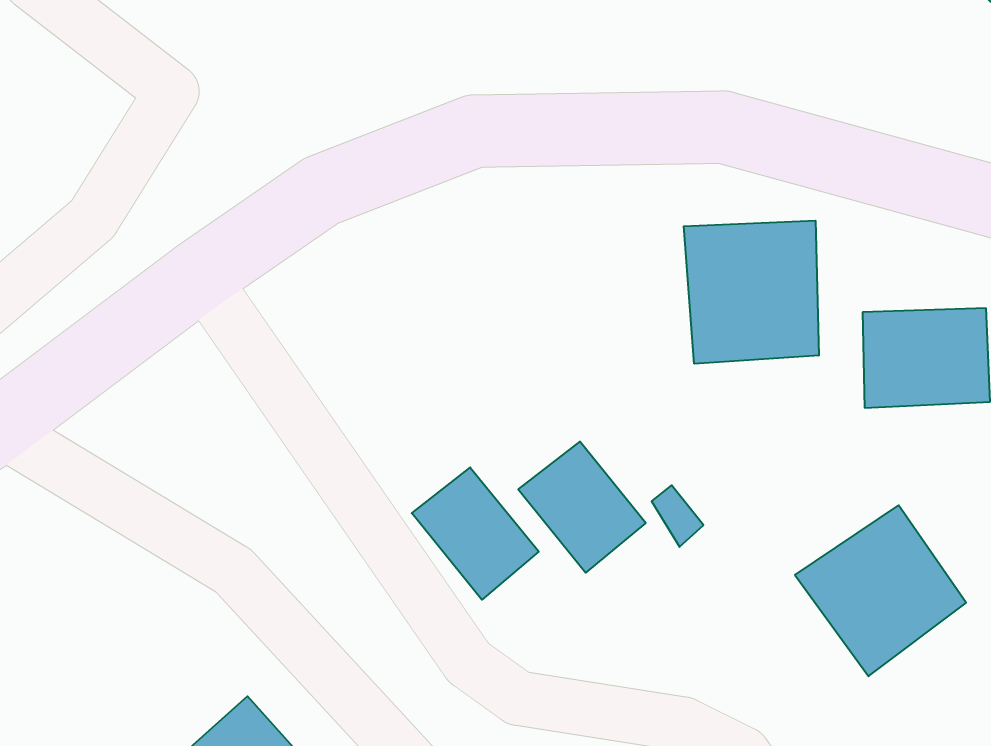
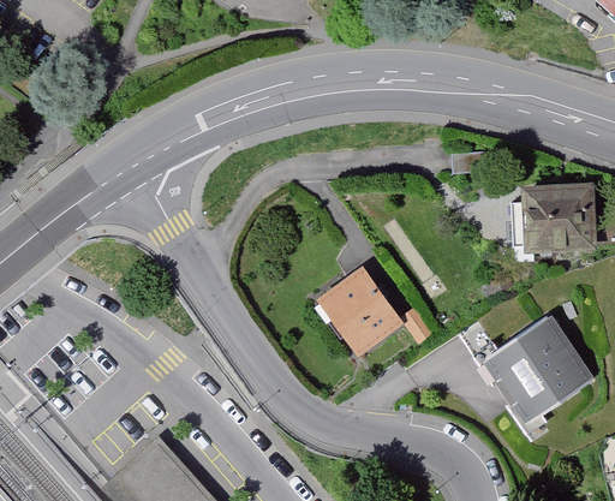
building: [684,221,819,364] -> none
building: [412,467,539,600] -> none

